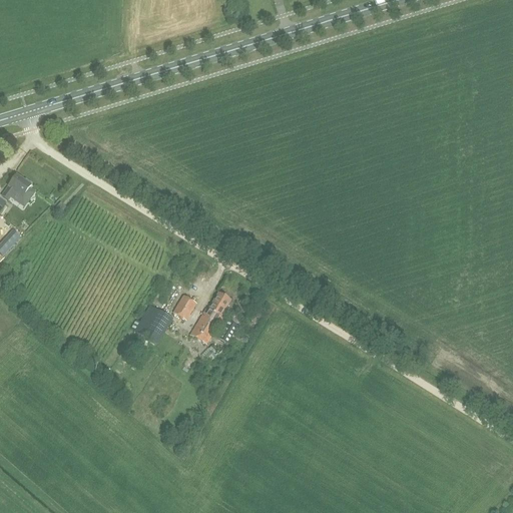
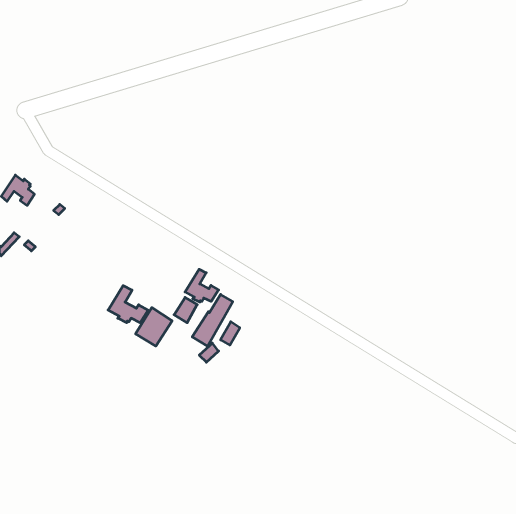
building: none -> [185,269,219,302]
building: none -> [108,286,148,323]

